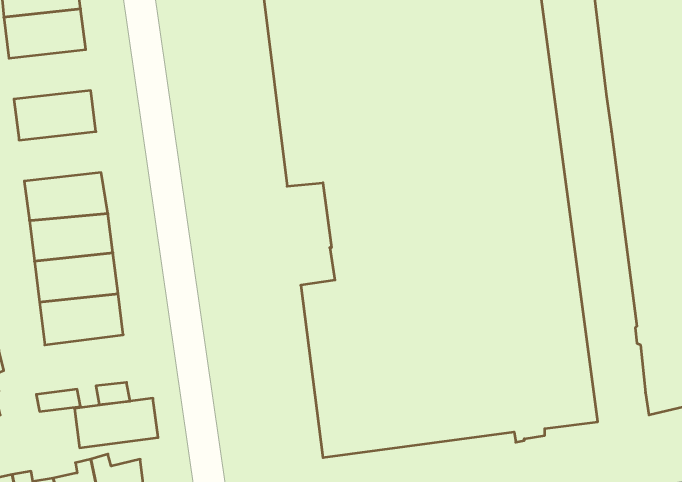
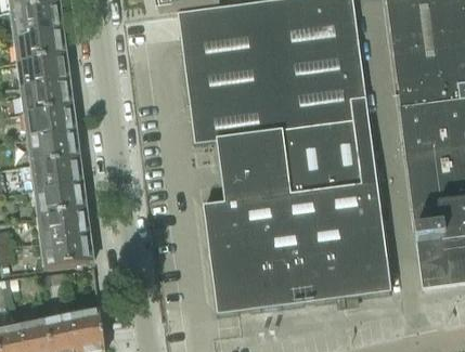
building: none -> [16,54,68,86]
building: none -> [23,106,75,138]
building: [74,398,158,448] -> [39,235,92,266]

